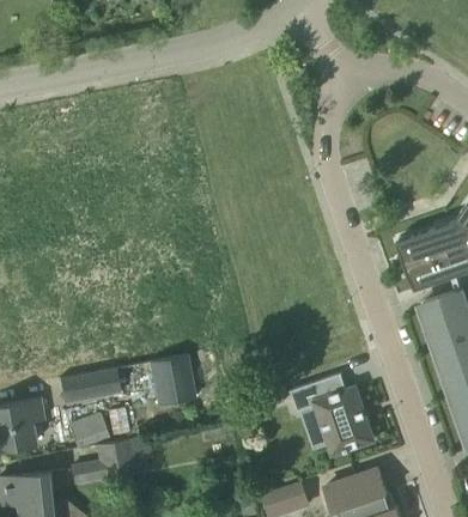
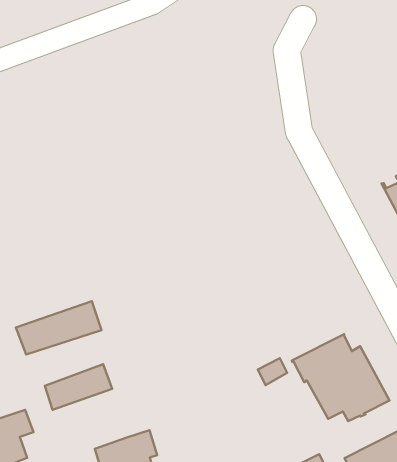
building: none -> [16,301,102,355]
building: [151,355,193,403] -> none
building: [68,412,108,448] -> none

